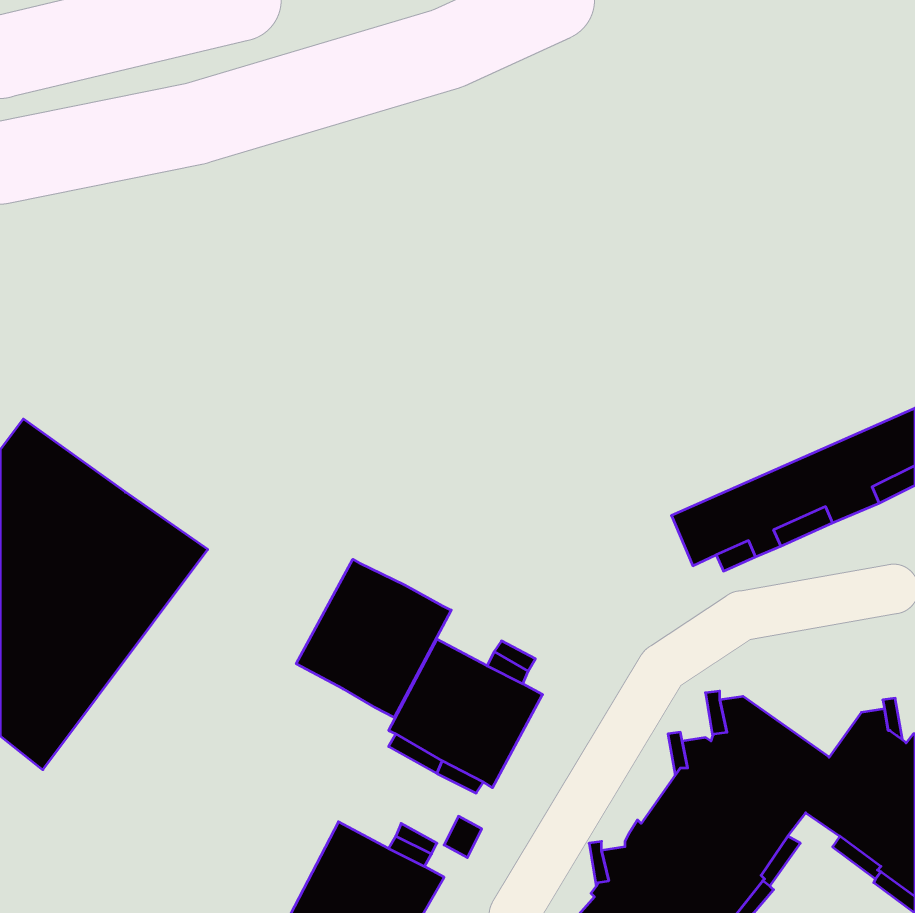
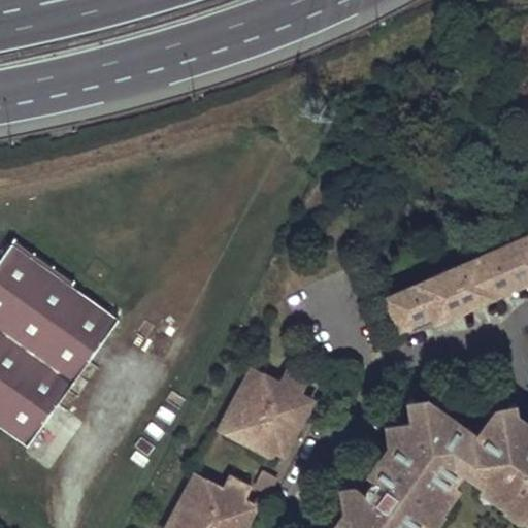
building: [296,559,451,717] -> none

